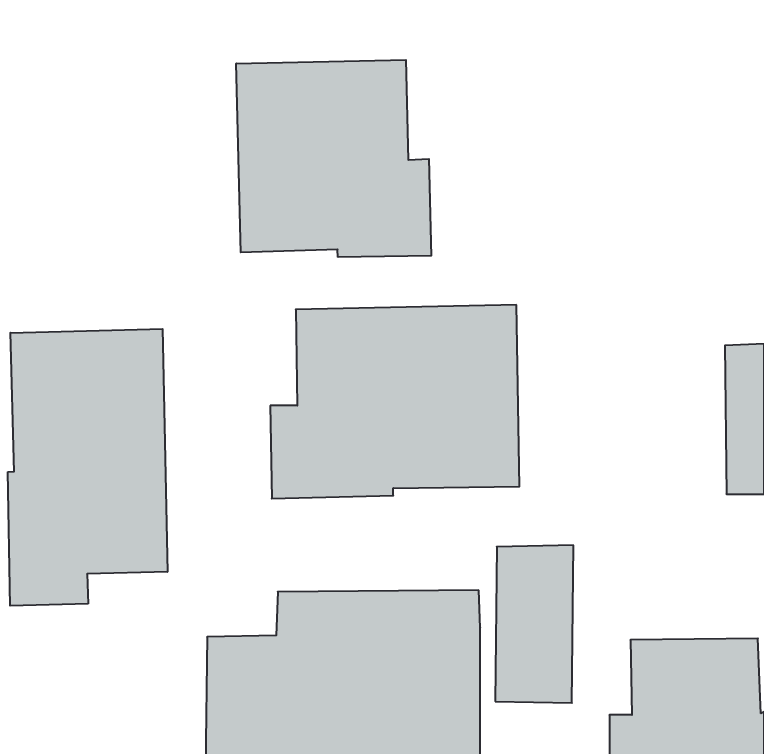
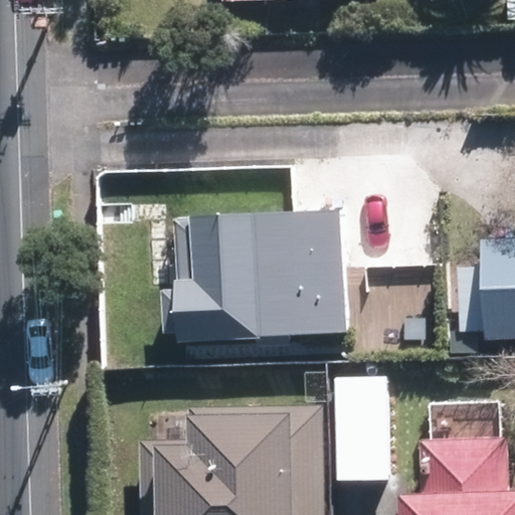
building: [236,60,431,257] -> none
building: [8,329,167,606] -> none

